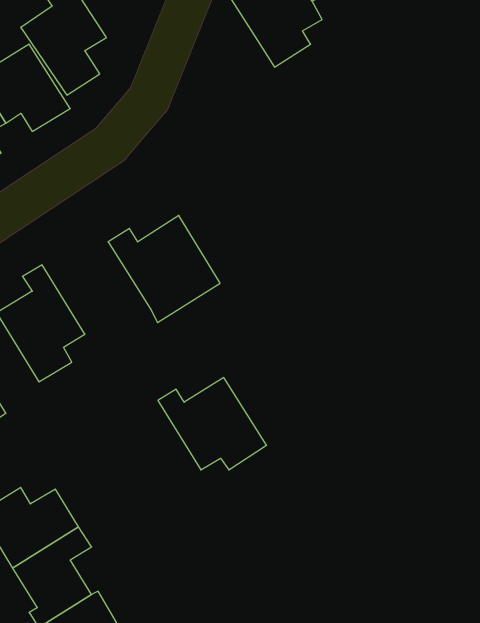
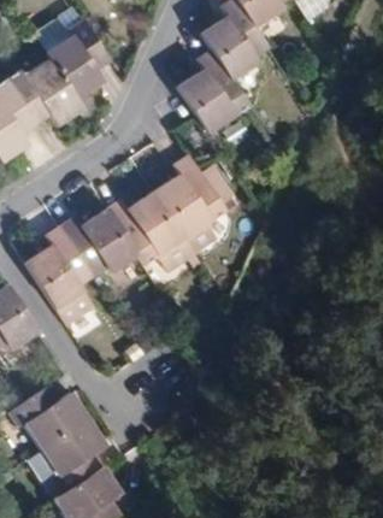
building: none -> [176,49,247,131]
building: none -> [160,151,235,237]
building: [158,378,267,470] -> [60,207,140,275]

